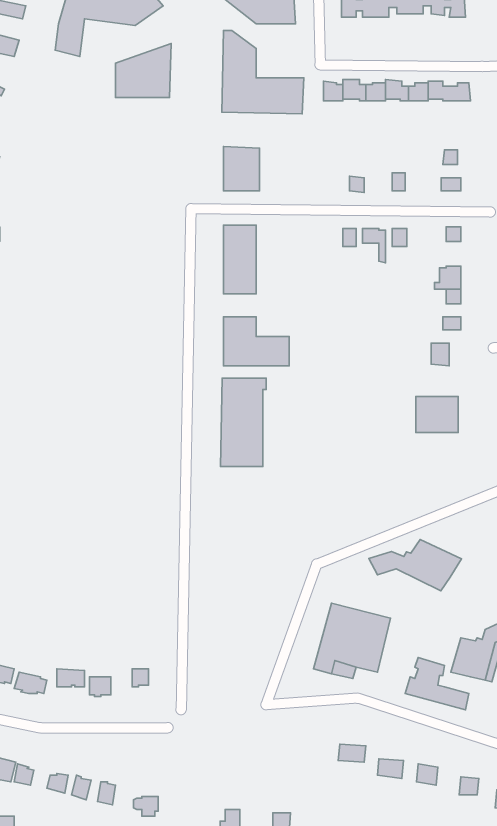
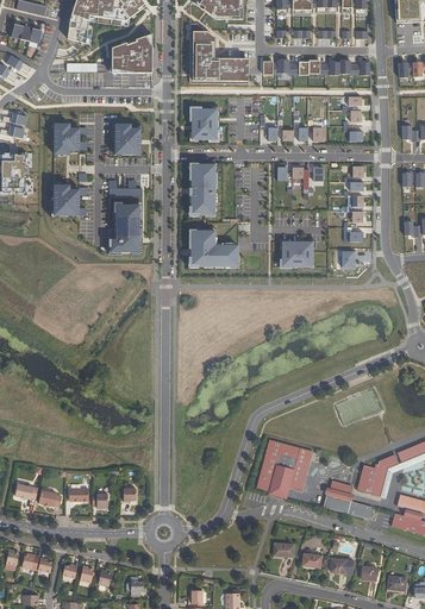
building: none -> [55,123,80,153]
building: none -> [114,124,140,155]
building: none -> [54,184,79,215]
building: [220,378,266,466] -> [108,188,142,252]
building: [416,397,458,433] -> [282,241,313,268]
building: [369,540,462,591] -> none

